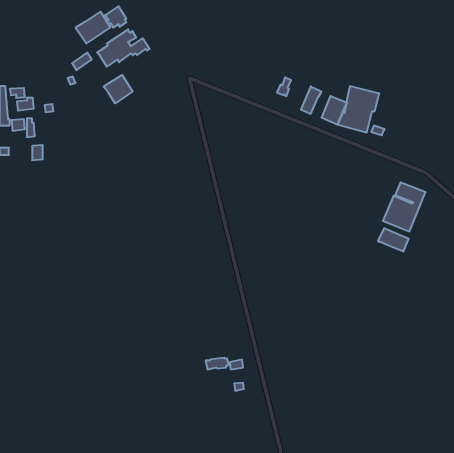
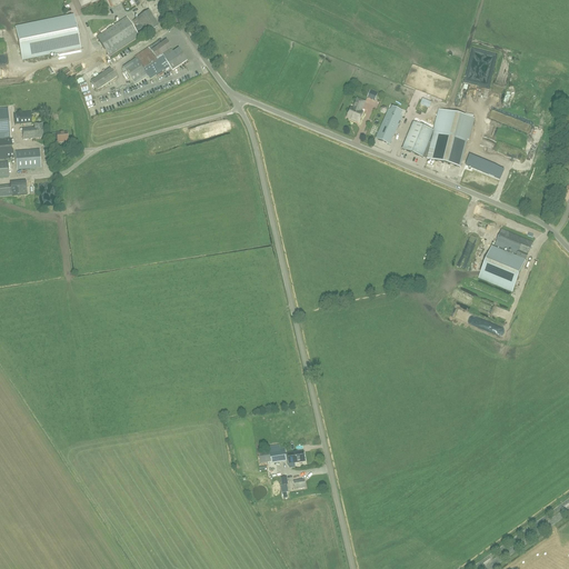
building: none -> [14,14,79,58]
building: [104,75,133,103] -> none
building: [378,228,409,252] -> none

